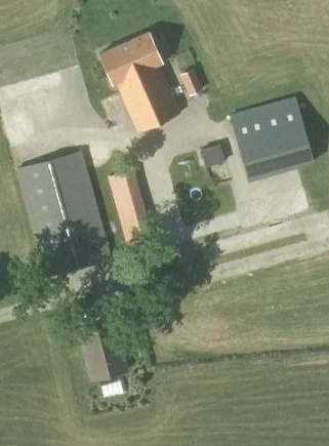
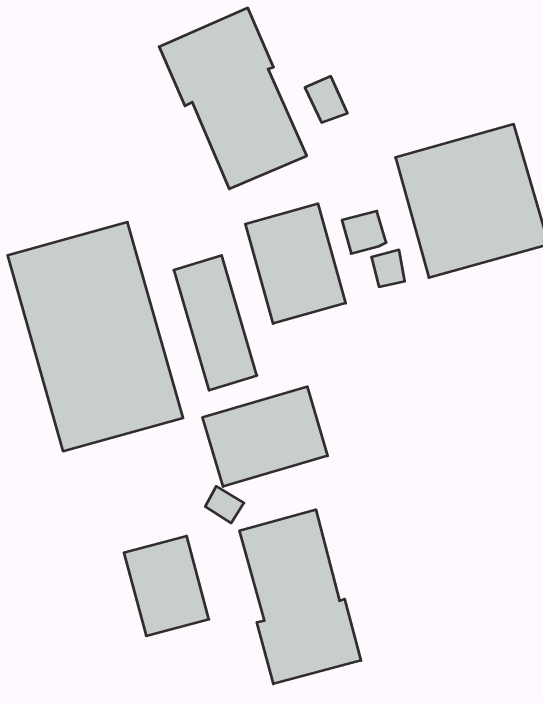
building: none -> [245,204,346,324]
building: none -> [203,387,328,487]
building: none -> [240,510,361,684]

